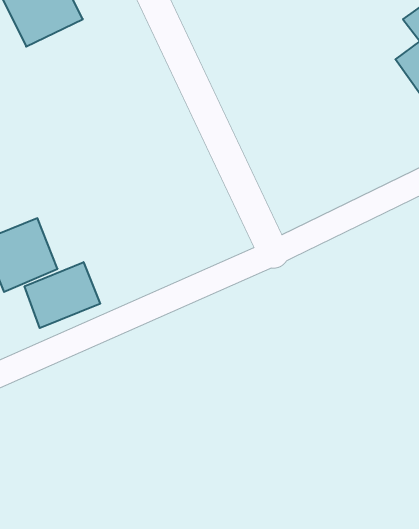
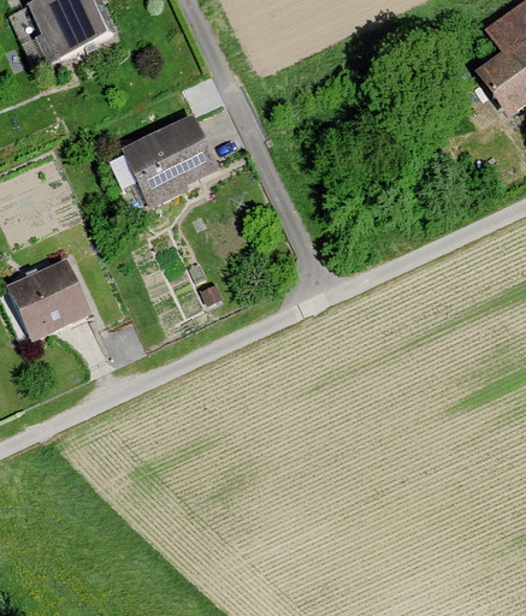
building: none -> [120,114,218,206]
building: [25,262,100,328] -> none

